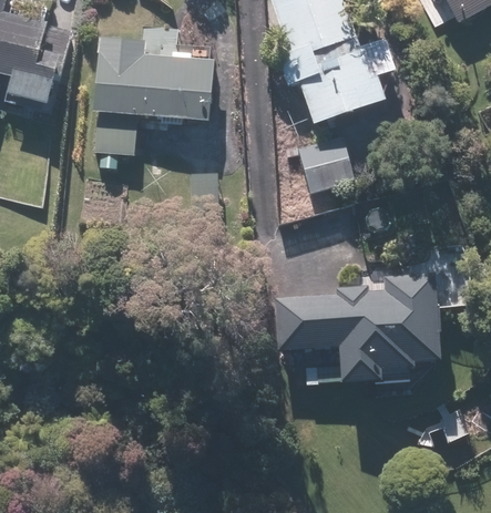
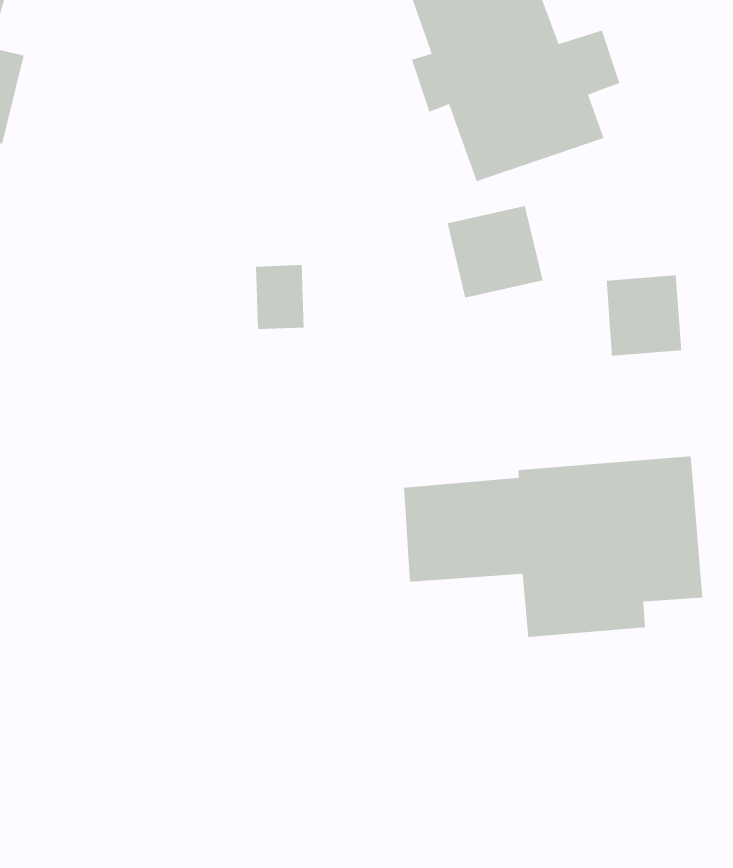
building: [93,37,215,154] -> none
building: none -> [606,274,682,357]

